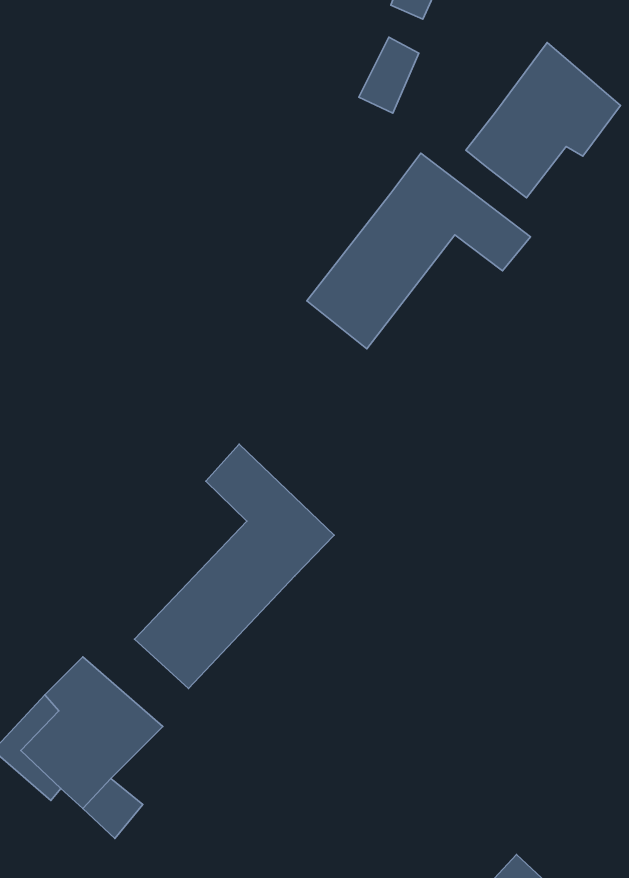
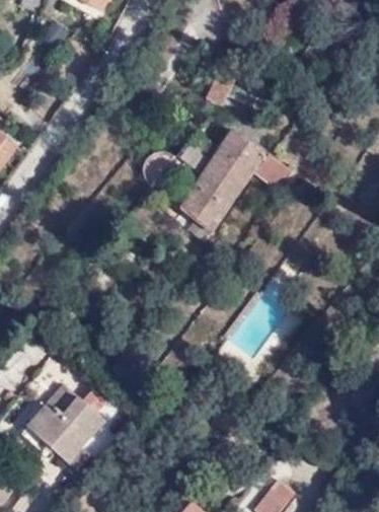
building: [466,42,621,198] -> none
building: [135,444,334,688] -> none

